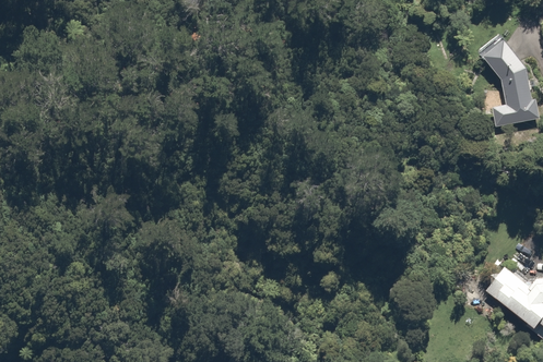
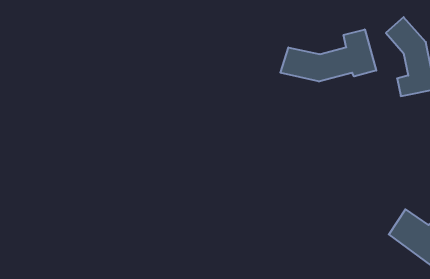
building: none -> [280,29,376,82]

